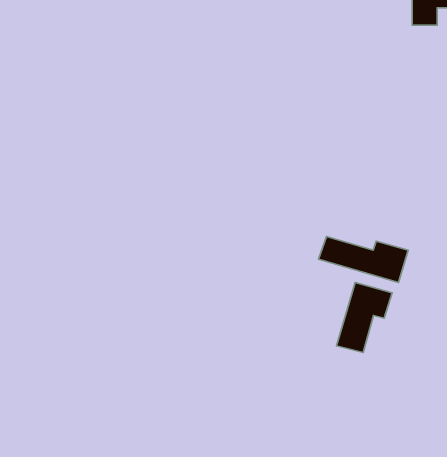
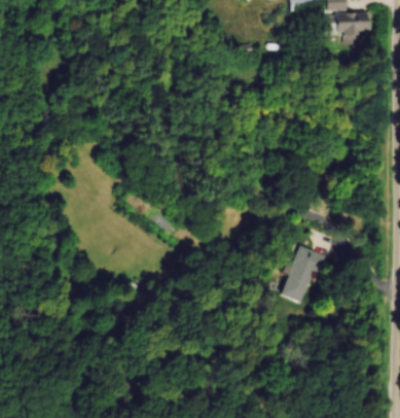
building: [319,237,408,282] -> none

